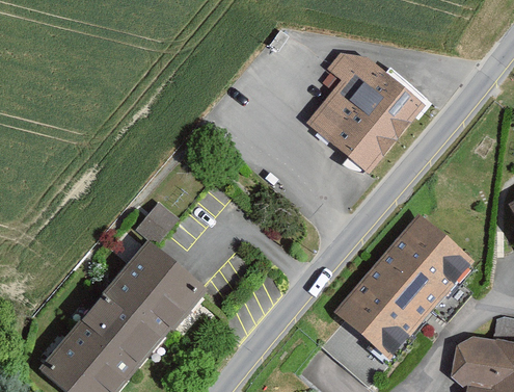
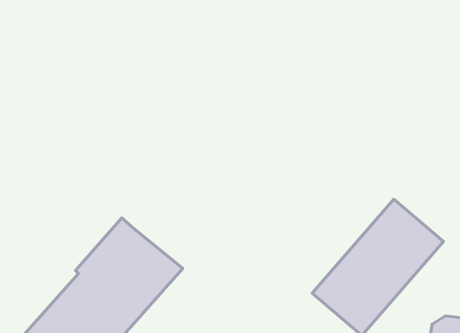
building: [308,53,424,173] -> none
building: [135,200,179,244] -> none

